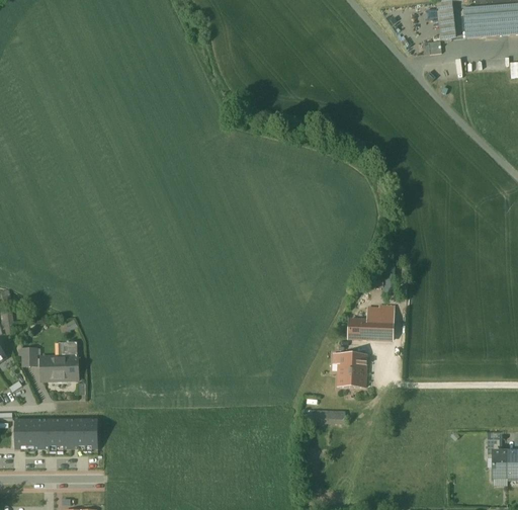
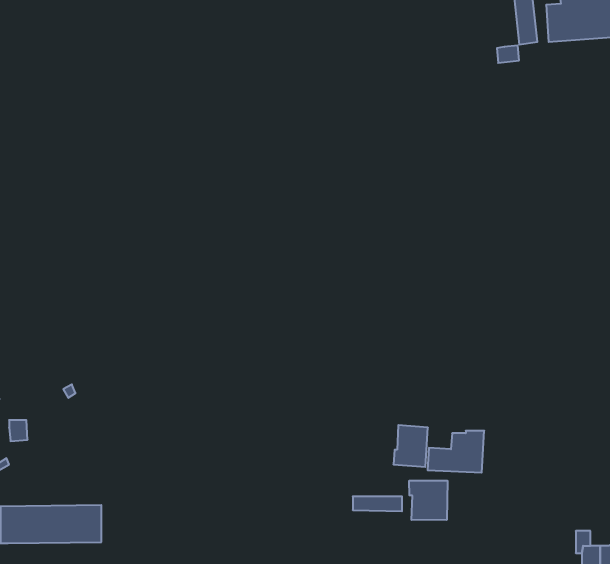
building: [348,305,395,339] -> [428,431,484,473]
building: [41,341,78,381] -> none
building: none -> [409,481,447,520]

